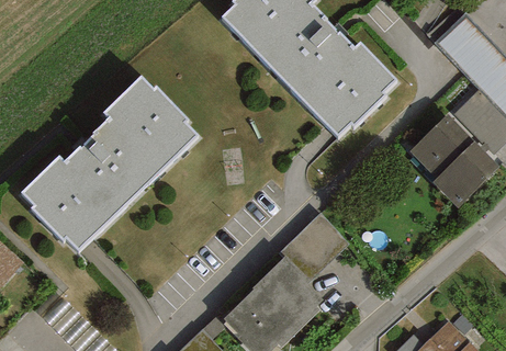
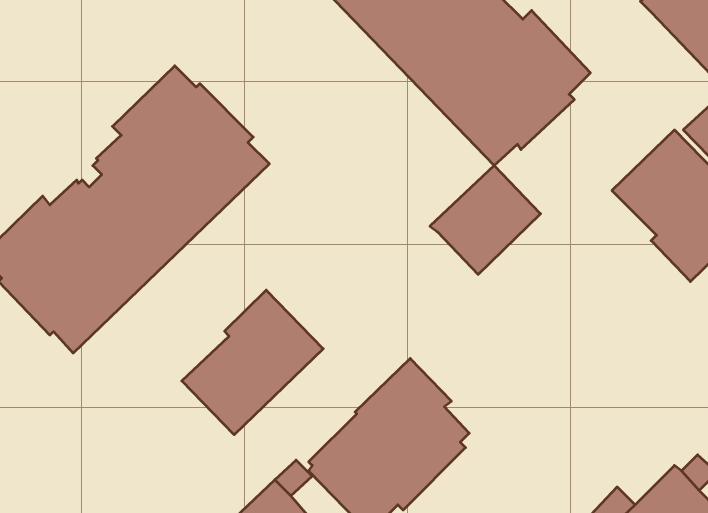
building: none -> [182,290,323,435]
building: [281,214,349,281] -> [430,166,541,274]

